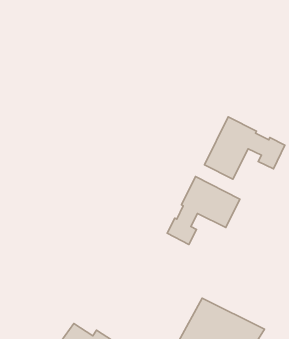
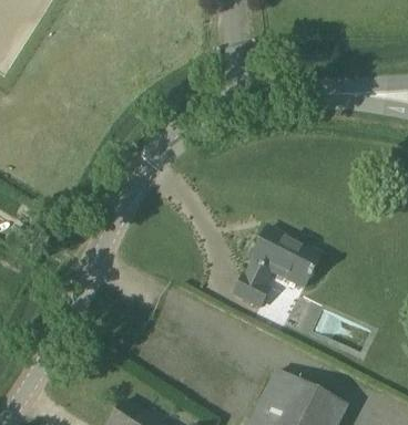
building: [204,117,285,179] -> none

